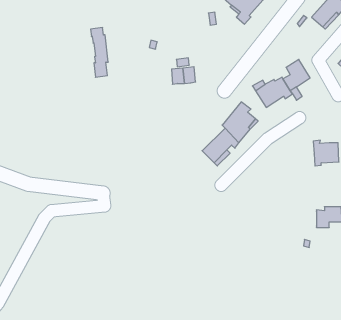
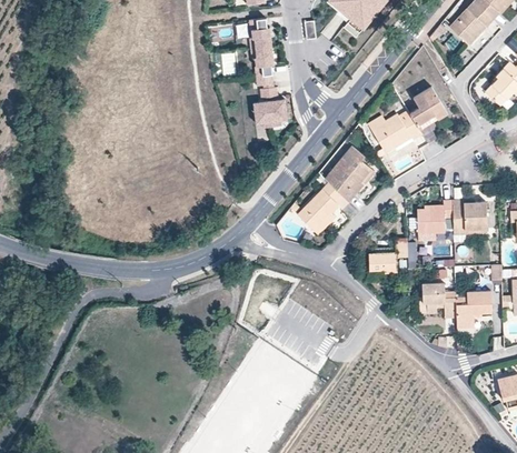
building: [91,28,108,77] -> [250,16,275,84]
building: none -> [418,200,453,233]
building: none -> [369,238,407,273]
building: none -> [422,282,456,318]

